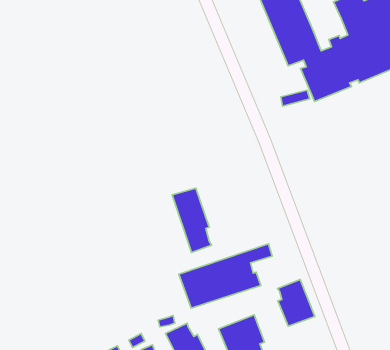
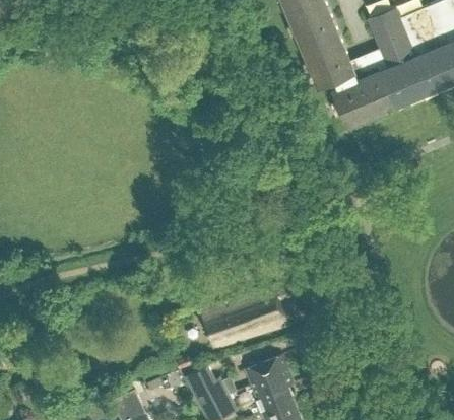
building: [172,188,211,252] -> none
building: [278,279,315,326] -> none

